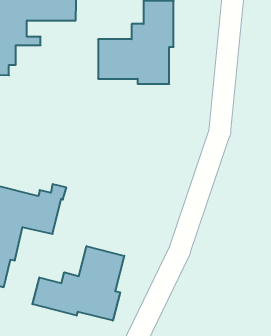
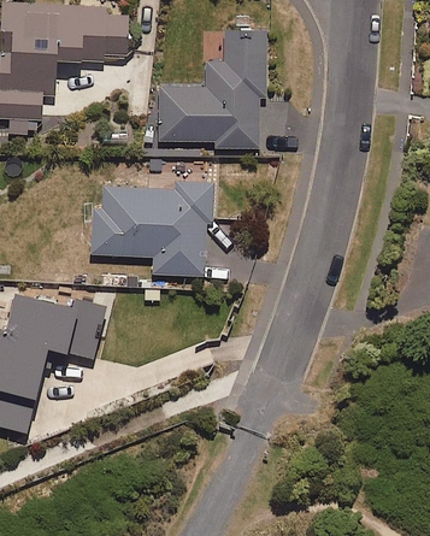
building: none -> [93,181,214,275]
building: [32,246,124,321] -> none

